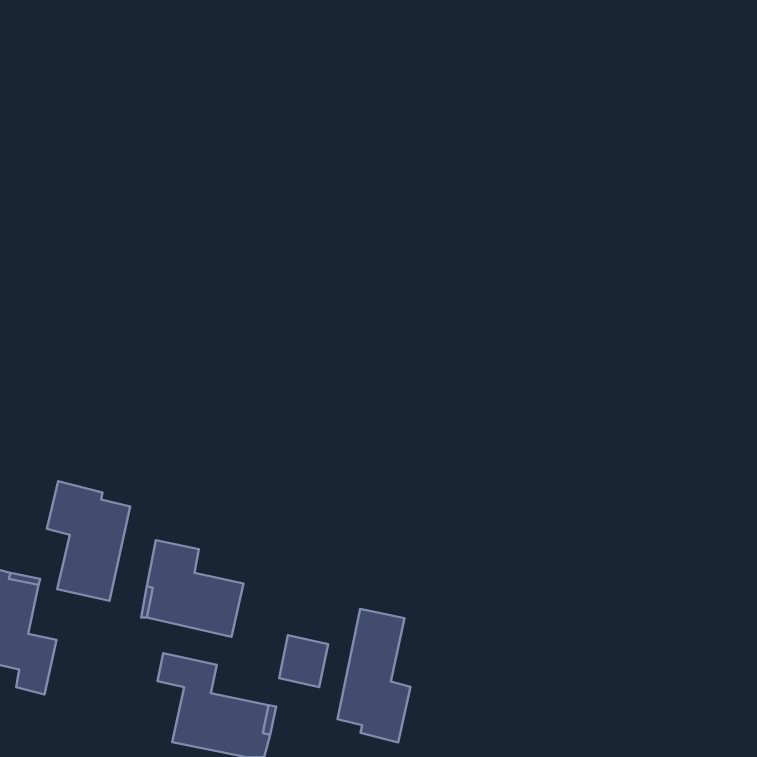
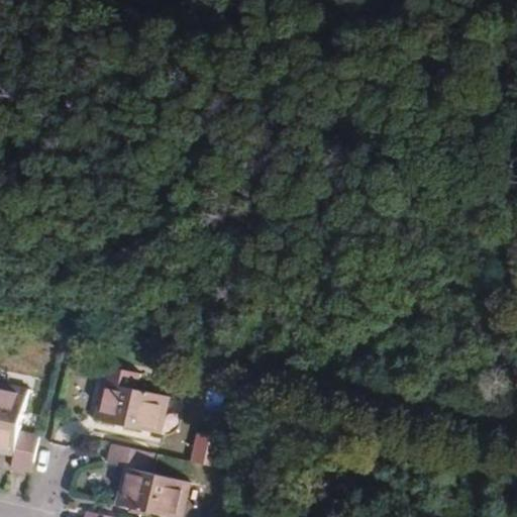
building: [47,481,130,601] -> none
building: [338,609,410,742] -> none

